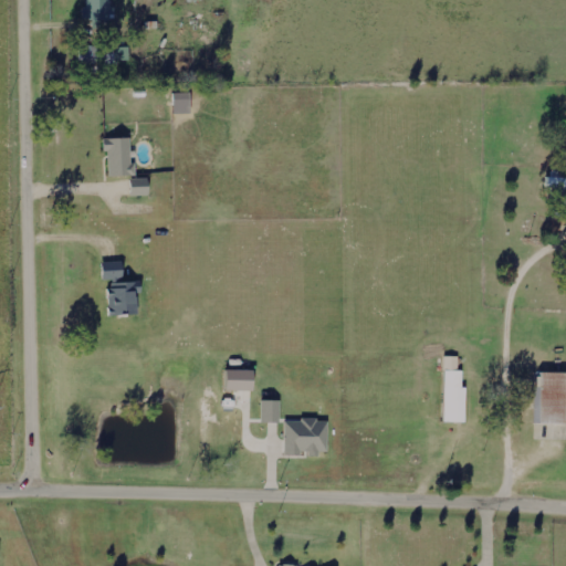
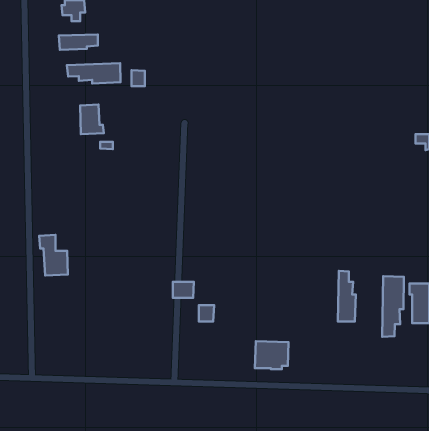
building: none -> [67,63,120,84]
building: [102,262,139,315] -> [39,235,68,275]
building: none -> [382,276,404,337]
building: [284,419,328,455] -> [255,341,289,369]

